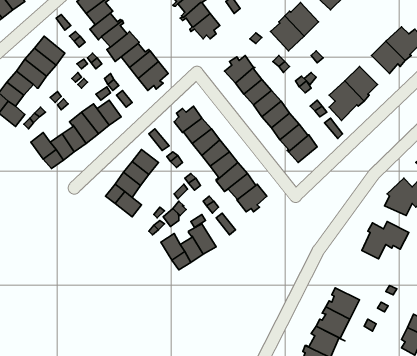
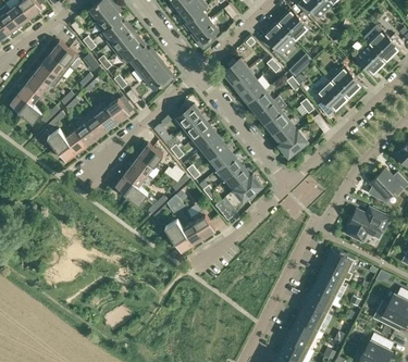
building: none -> [322,248,353,279]

